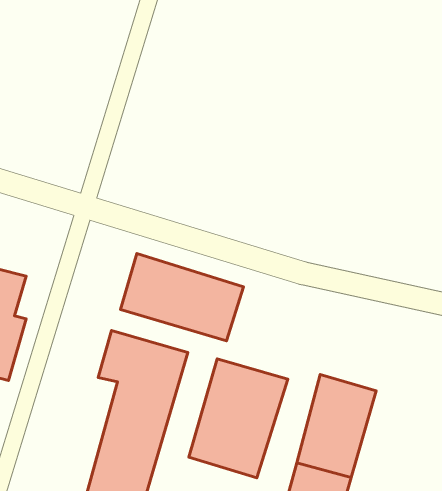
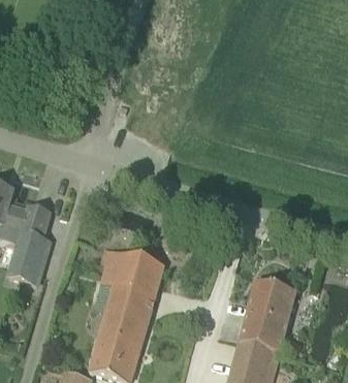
building: [120,253,243,341] -> none
building: [189,359,288,478] -> none

